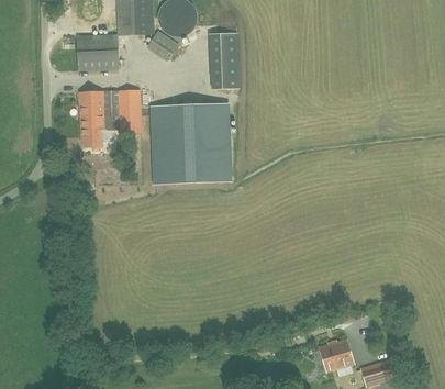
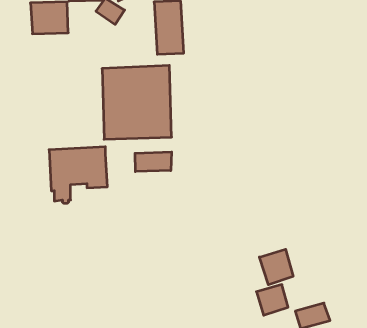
building: [78,89,141,149] -> [49,147,107,203]
building: none -> [135,152,172,172]
building: none -> [259,249,293,285]

